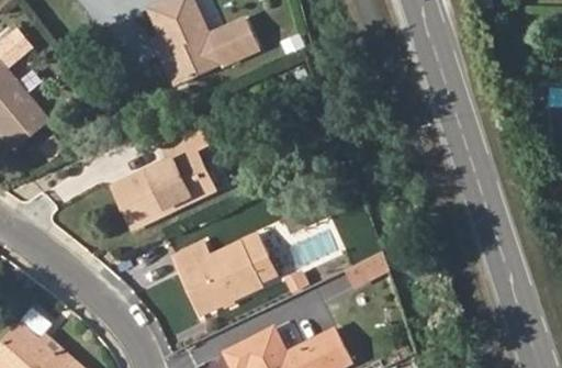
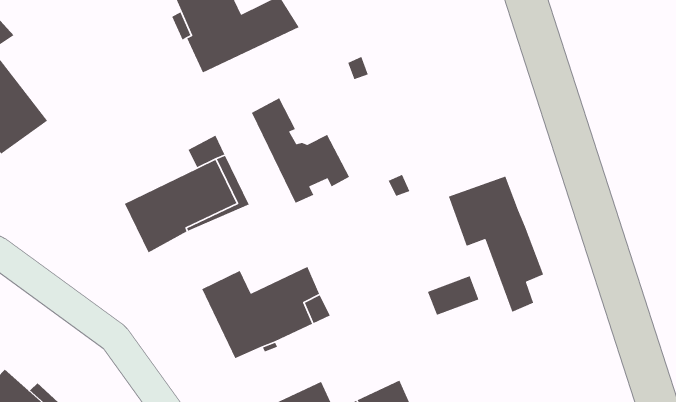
building: none -> [251,97,350,204]
building: none -> [448,176,544,313]

